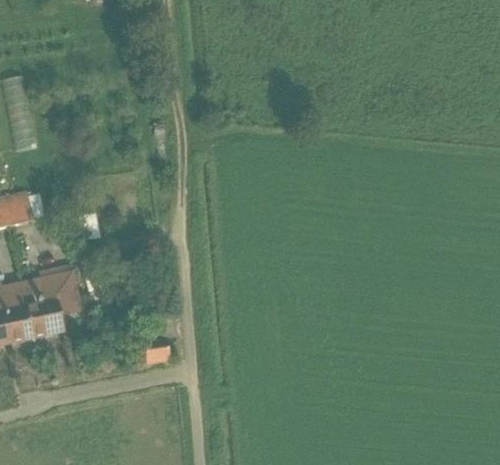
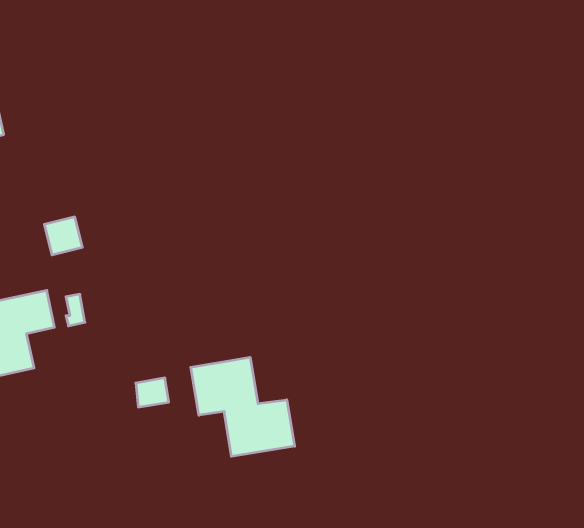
building: none -> [191,357,295,456]

